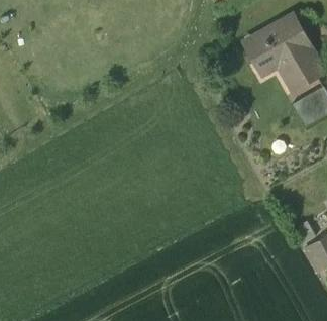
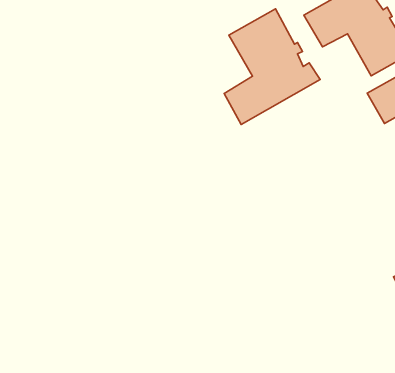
building: none -> [224,9,320,125]

